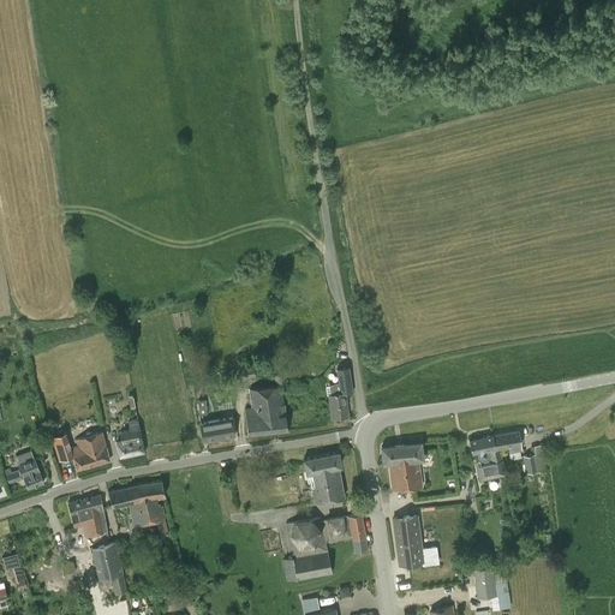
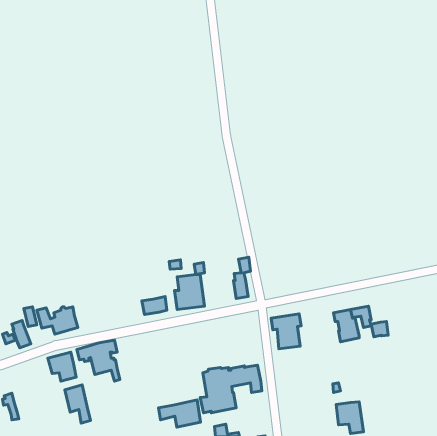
building: [117,420,144,460] -> none
building: [303,452,344,503] -> none
building: [392,517,438,566] -> none
building: none -> [158,400,201,427]

